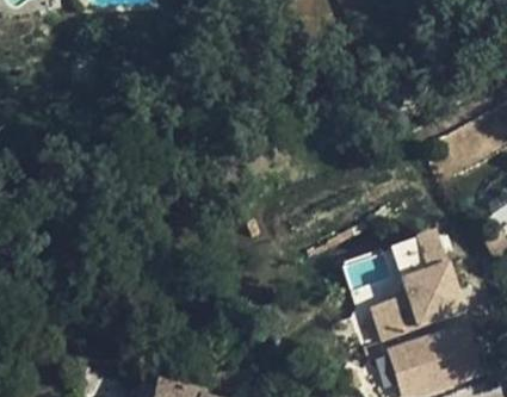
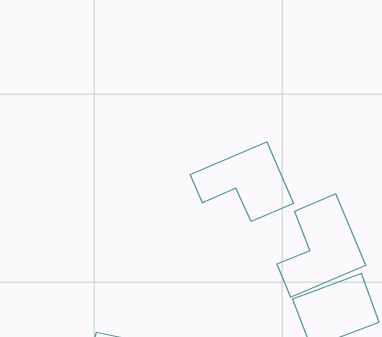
building: none -> [190,142,293,221]

